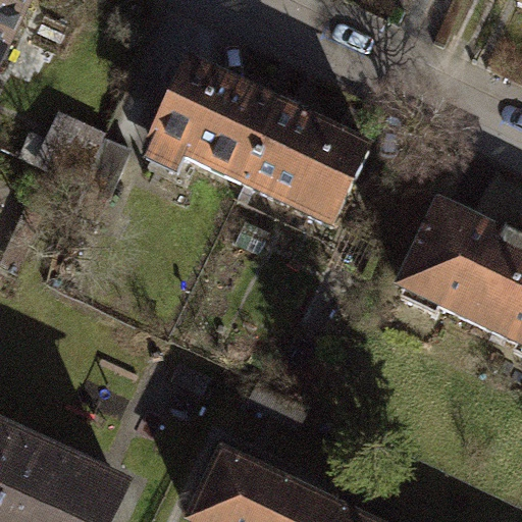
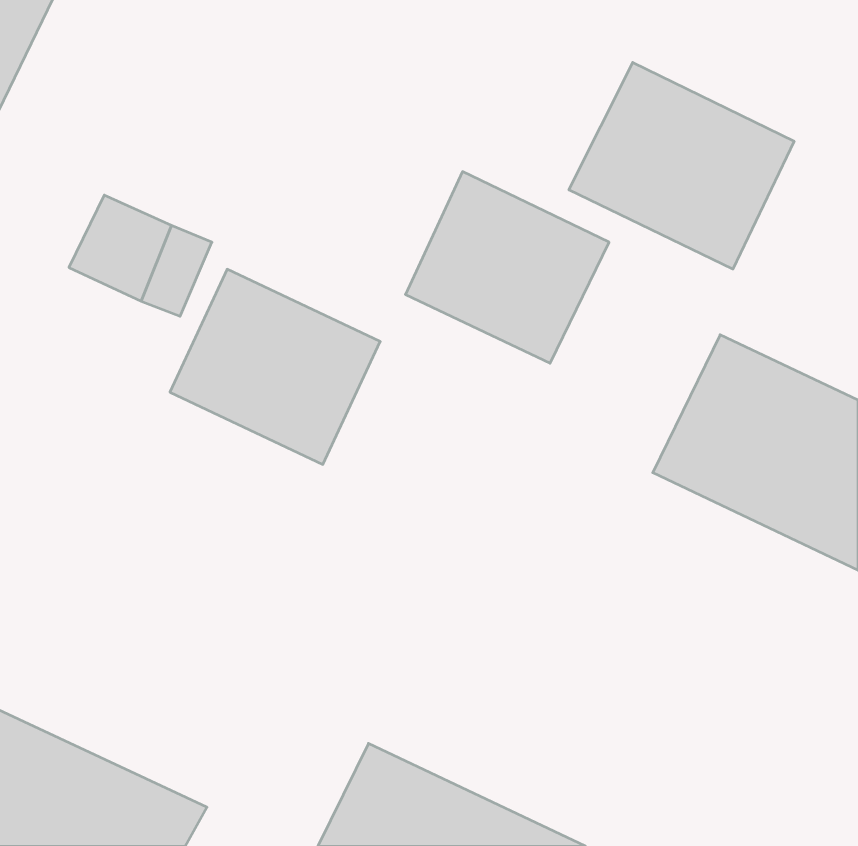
building: none -> [569,62,794,269]
building: [153,60,280,178] -> [170,269,380,464]

